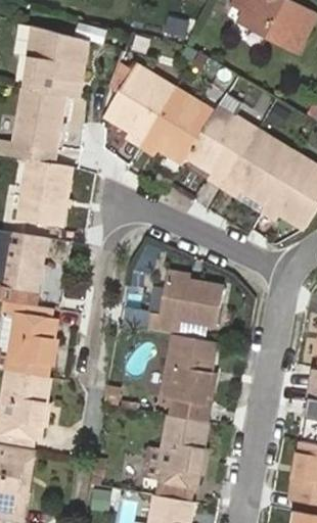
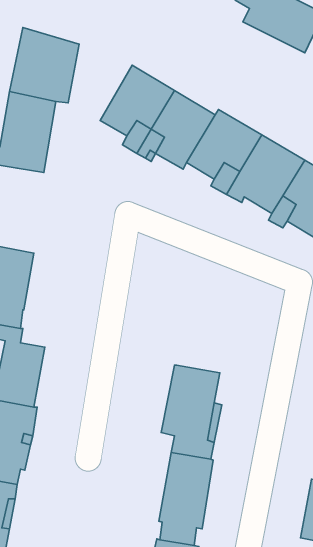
building: [17,158,70,226] -> none
building: [144,284,221,340] -> none

